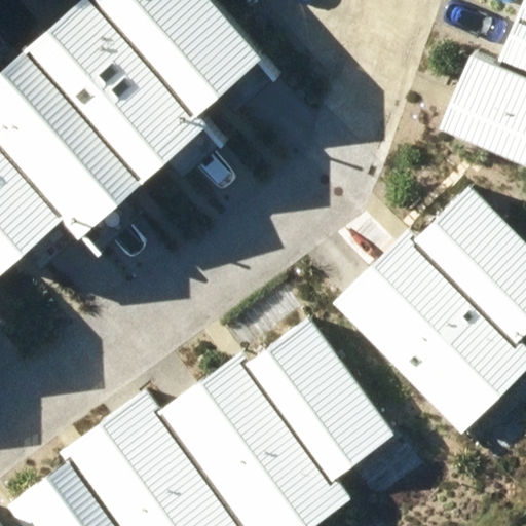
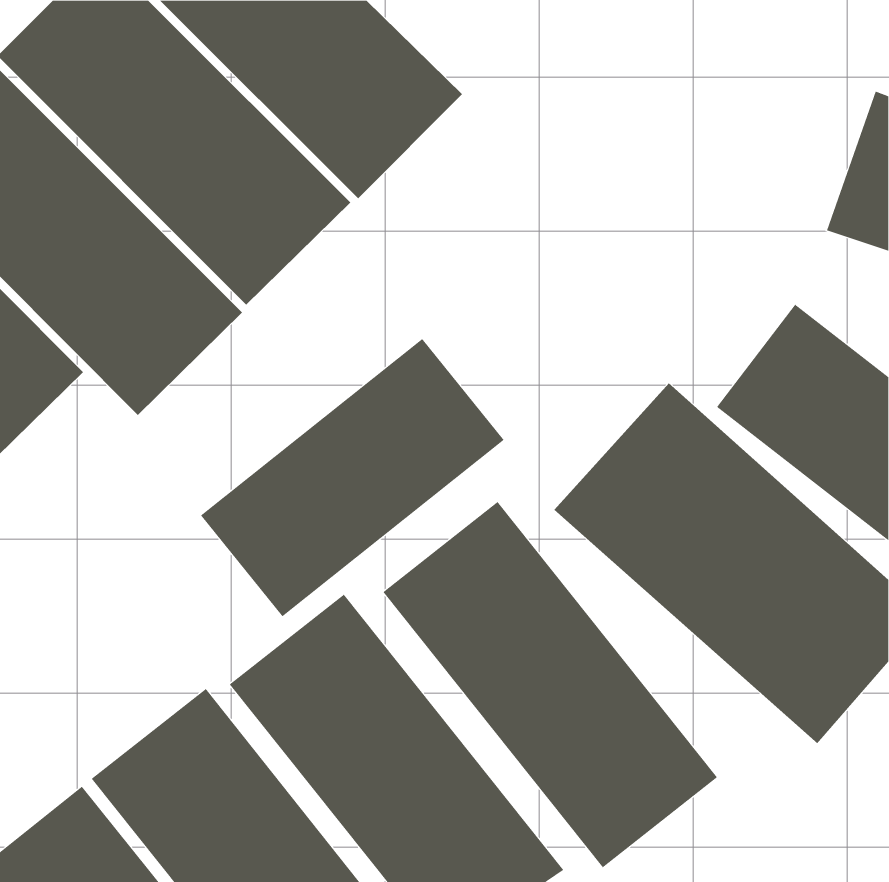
building: none -> [200,338,504,617]

